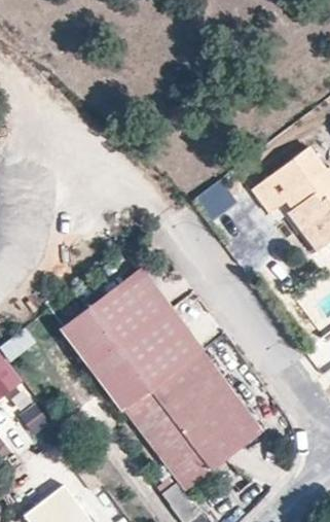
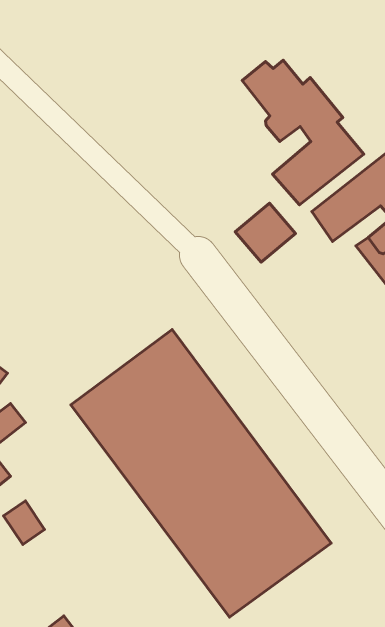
building: none -> [242,60,364,205]

